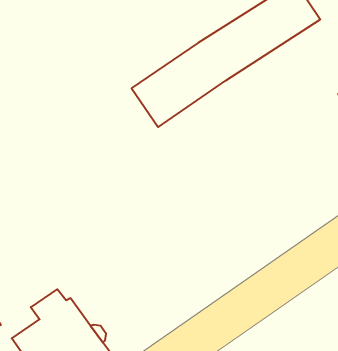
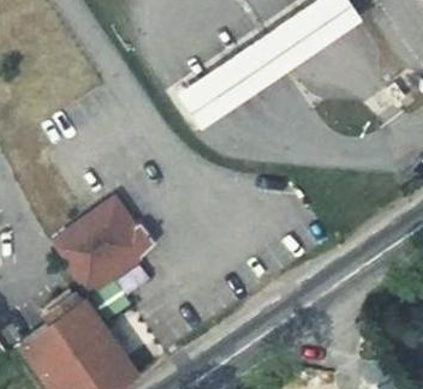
building: none -> [65,190,157,285]

